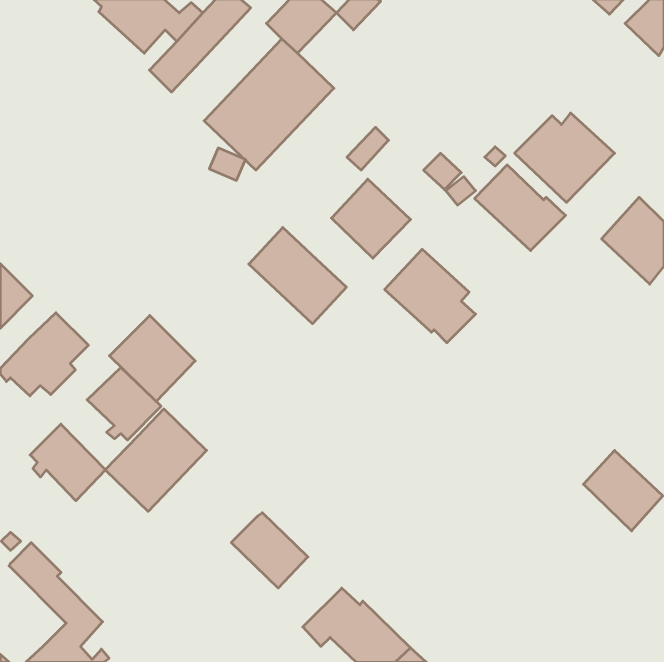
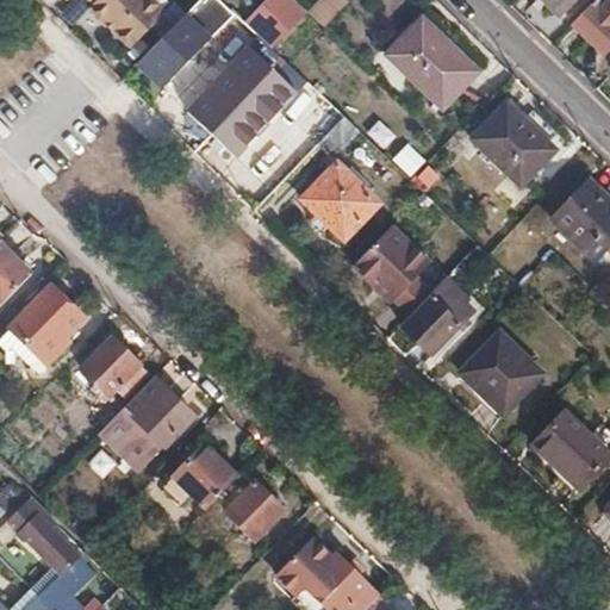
building: [475,165,566,251] -> [390,24,473,102]
building: [249,227,346,324] -> none
building: none -> [404,276,475,357]
building: [109,315,195,401] -> none
building: none -> [462,334,540,410]
building: [30,424,105,501] -> none
building: none -> [172,443,236,508]

